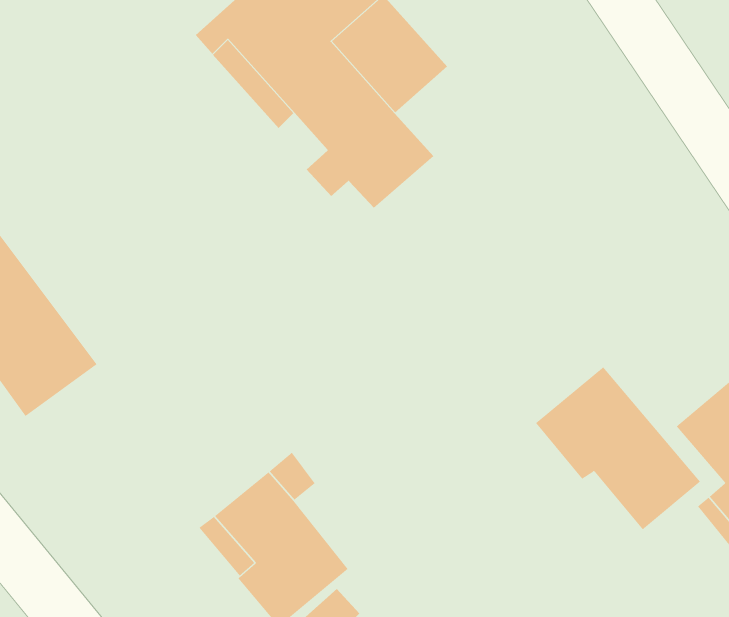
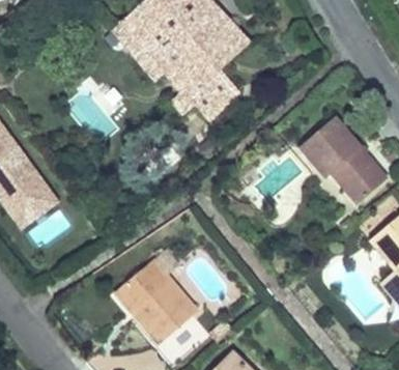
building: [535,367,701,530] -> [300,114,388,201]

